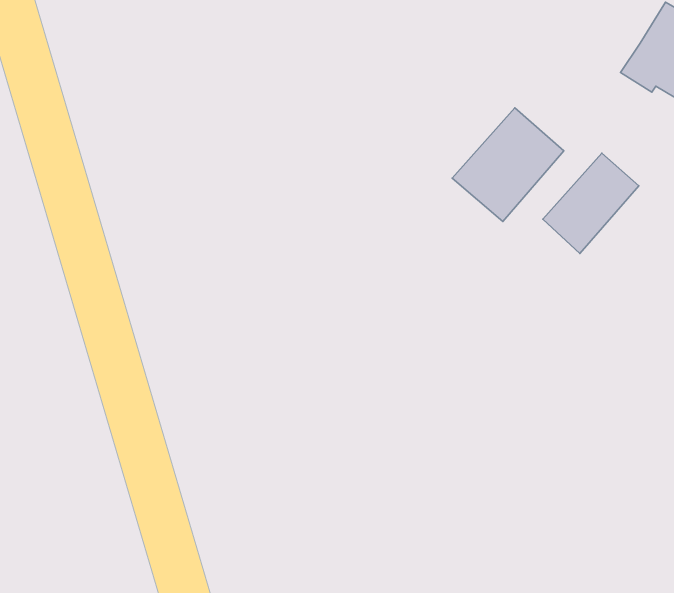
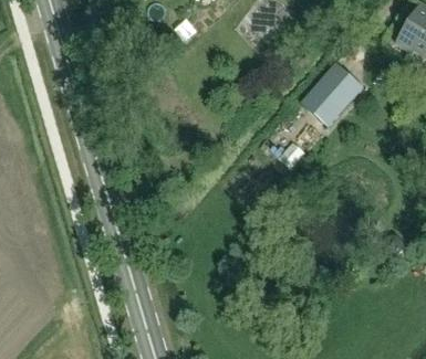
building: [543,153,639,253] -> none

